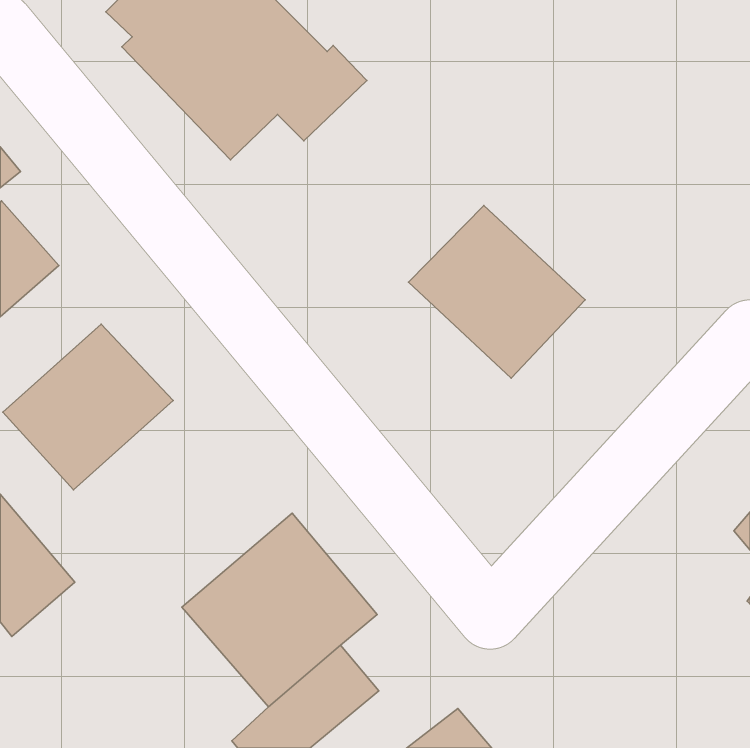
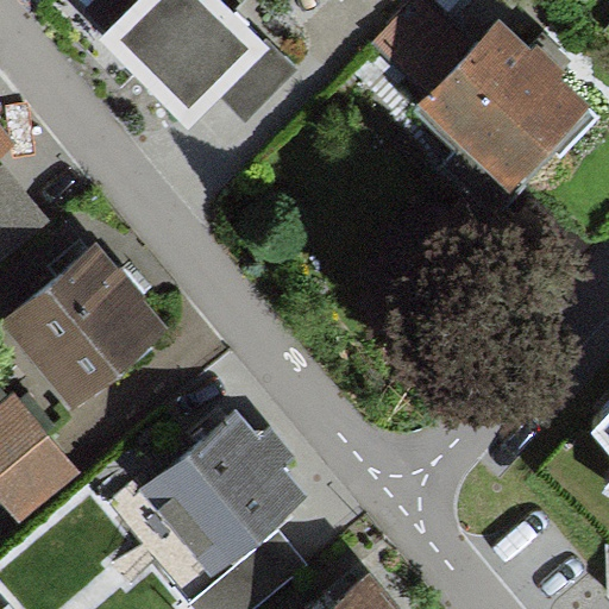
building: none -> [373,6,594,193]
building: [408,205,585,378] -> none

